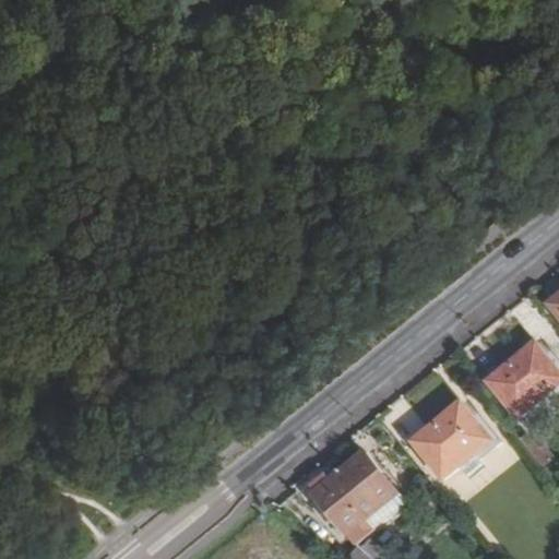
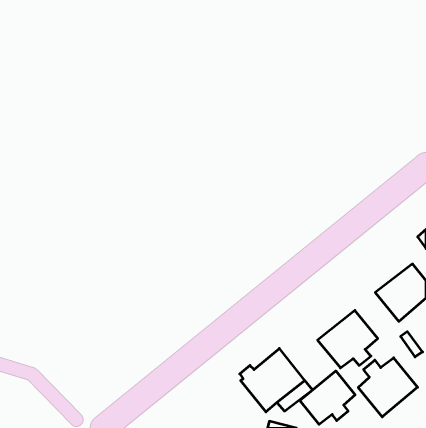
building: none -> [358,358,418,417]
building: none -> [300,371,355,424]

